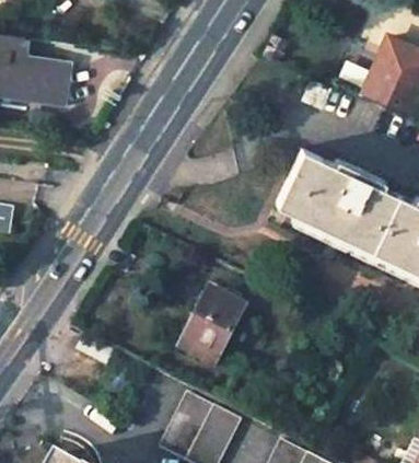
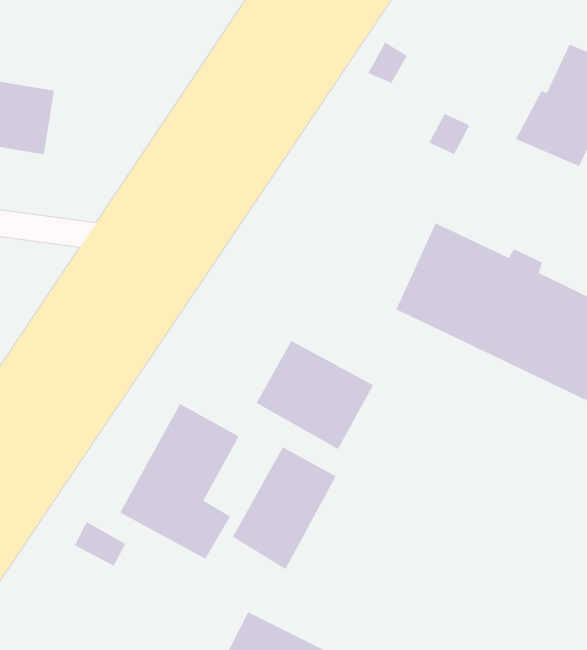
building: none -> [256,340,374,450]
building: none -> [120,403,239,559]

